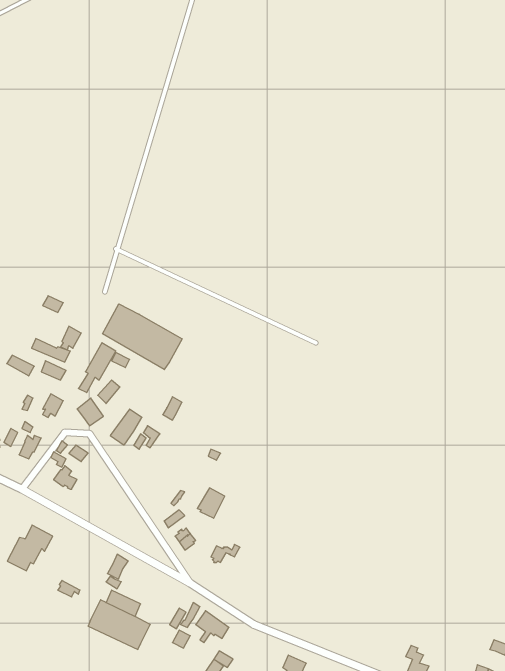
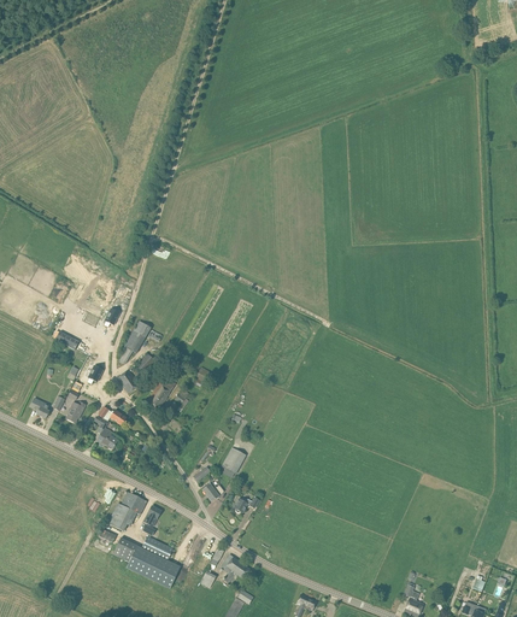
building: [103,304,182,370] -> none
building: [7,525,53,571] -> [107,492,147,531]

